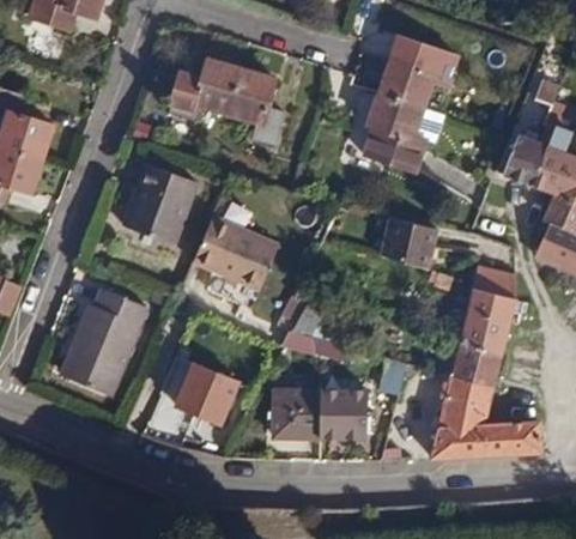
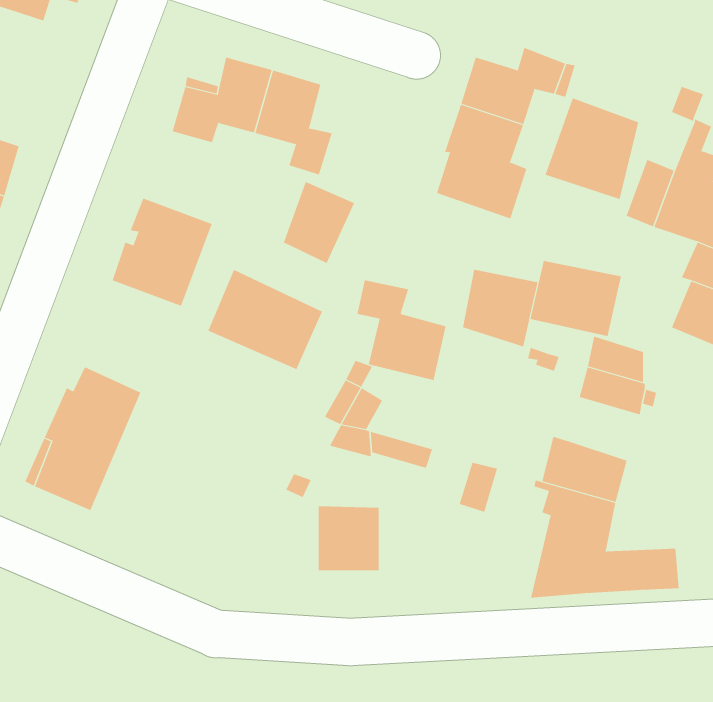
building: none -> [545,98,639,200]
building: none -> [283,181,355,264]
building: none -> [530,260,621,337]
building: none -> [357,279,446,381]
building: [460,309,513,356] -> none
building: [163,353,240,424] -> none
building: [320,390,366,437] -> none

